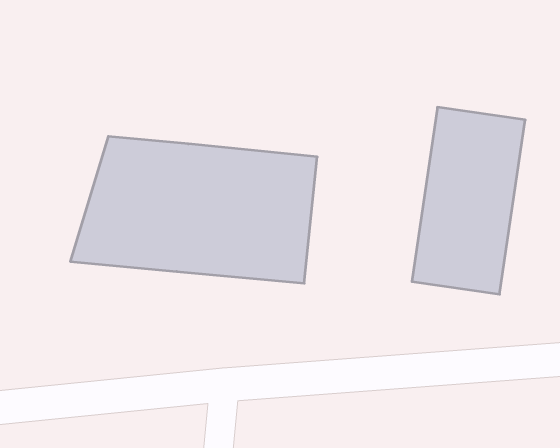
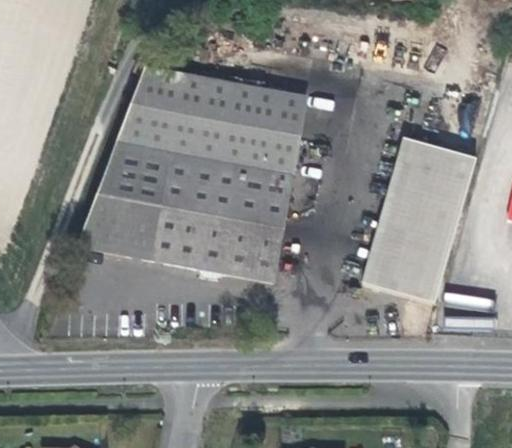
building: none -> [116,66,308,174]

